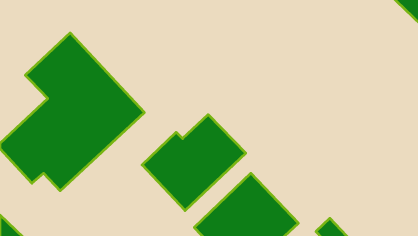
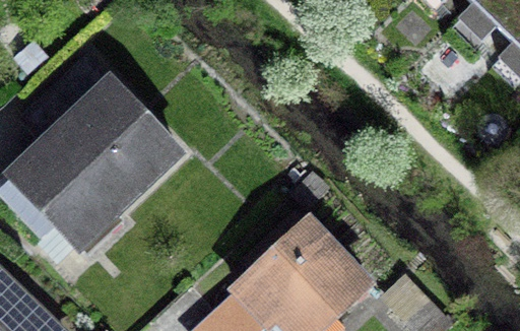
building: [142,115,246,211] -> none

